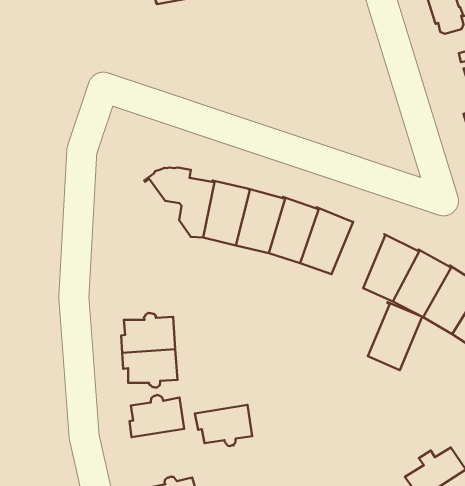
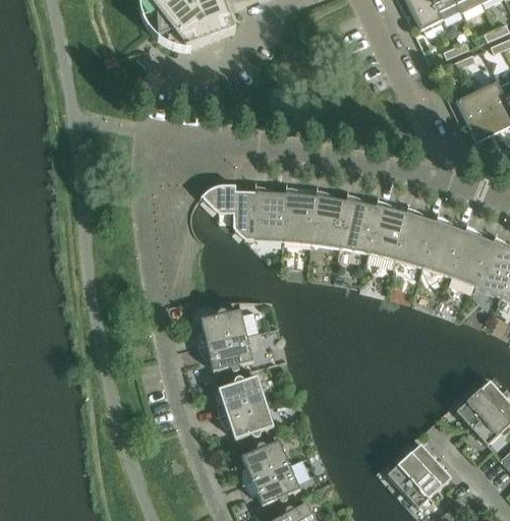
building: [368,302,422,370] -> [367,205,407,259]
building: [195,405,252,446] -> [223,401,274,439]

